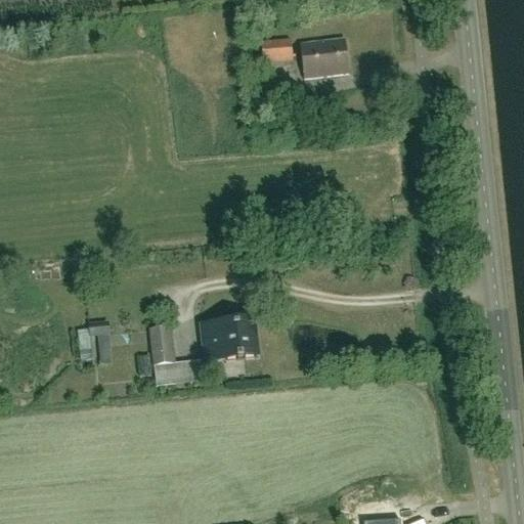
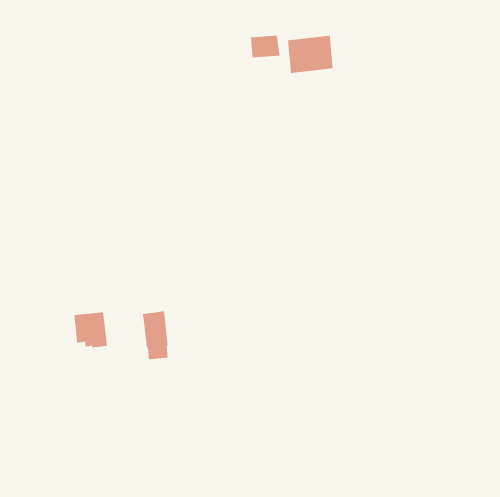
building: [204,319,257,358] -> none

